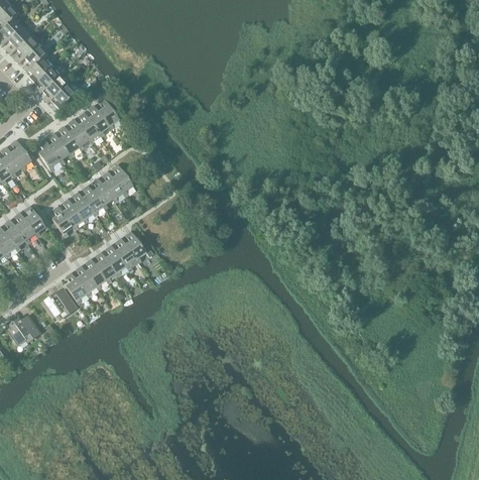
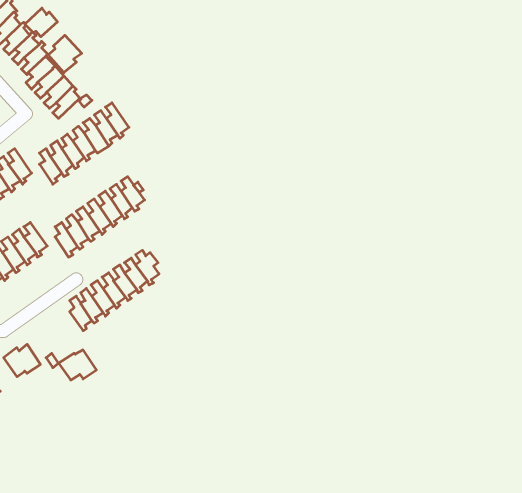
building: none -> [25,8,57,37]
building: none -> [48,35,82,73]
building: [40,289,75,317] -> [58,350,96,380]

